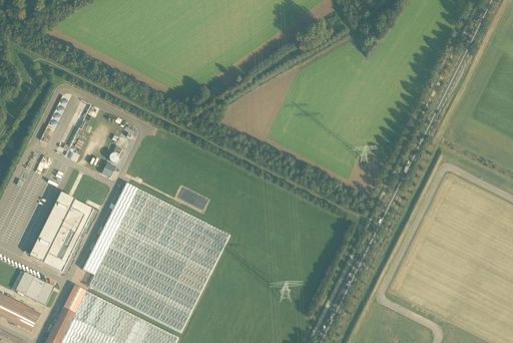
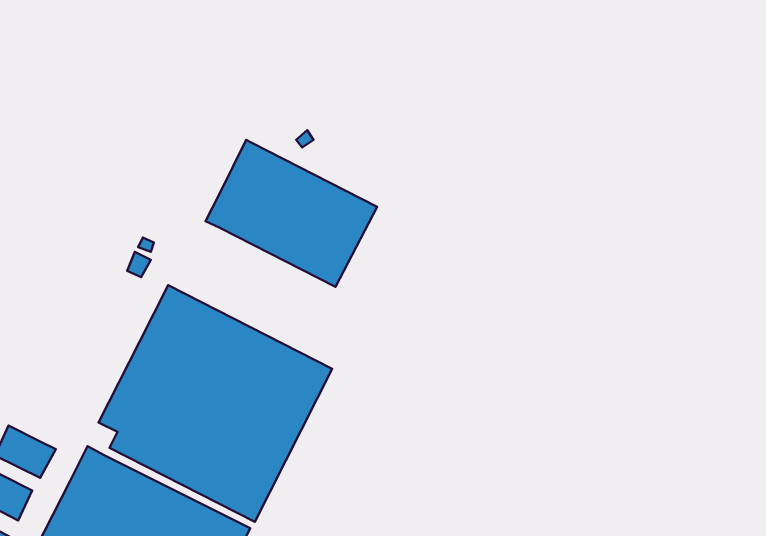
building: none -> [205,140,377,287]
building: [28,192,93,273] -> none

